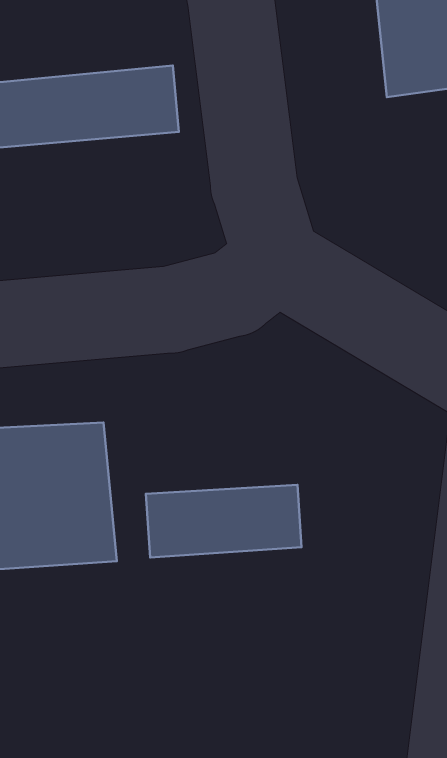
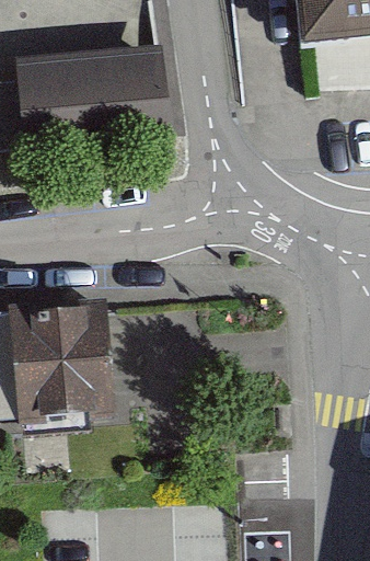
building: [146,485,302,558] -> none

